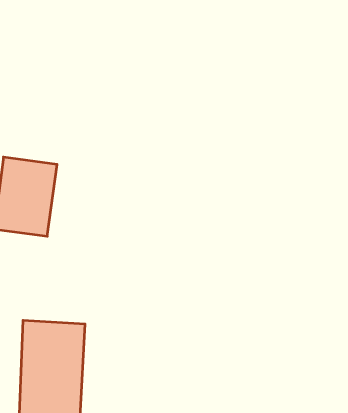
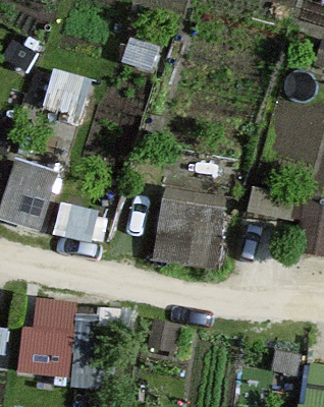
building: none -> [156,192,219,265]

